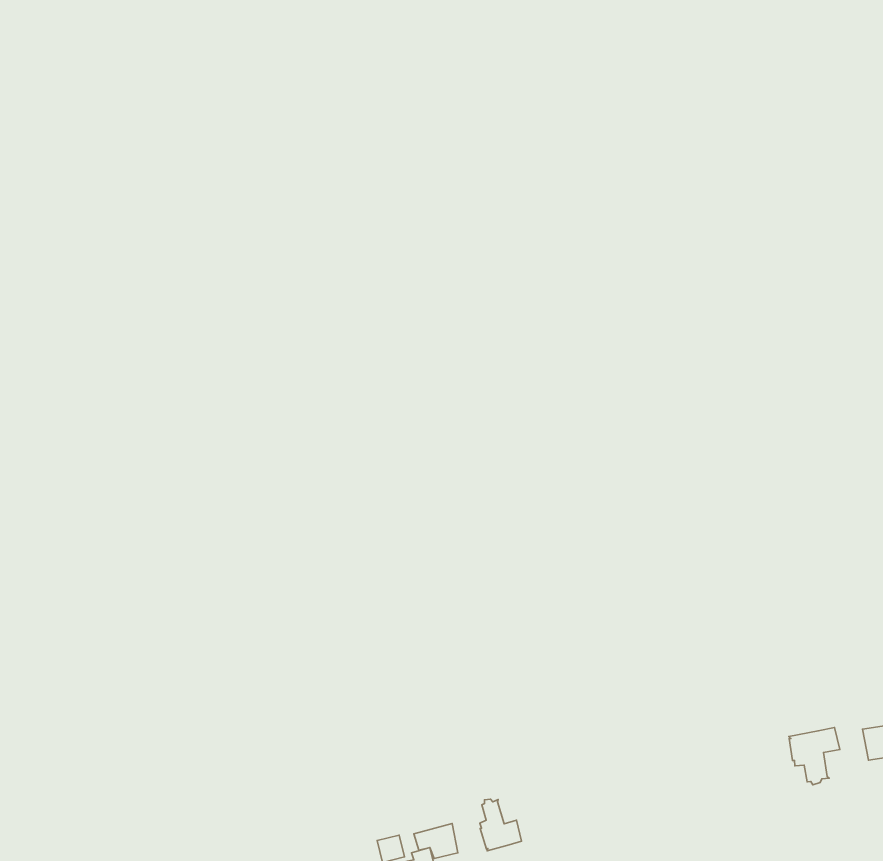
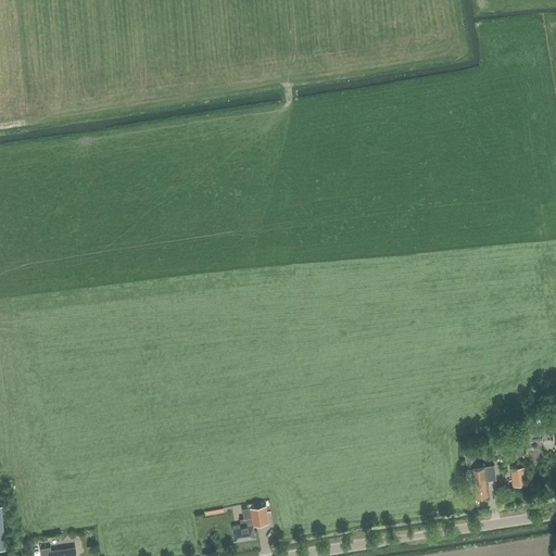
building: [480,799,522,851] -> none

